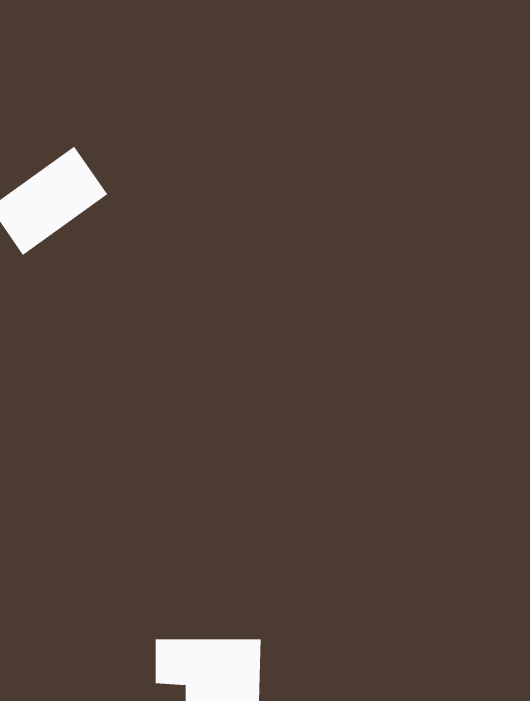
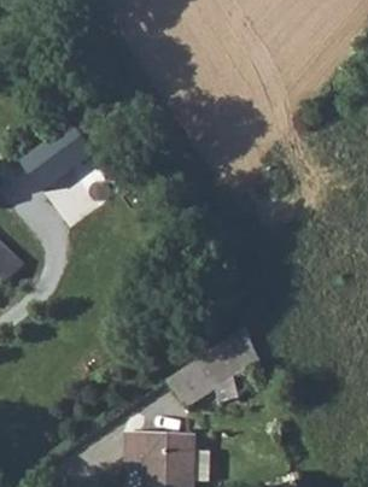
building: none -> [160,335,253,416]

